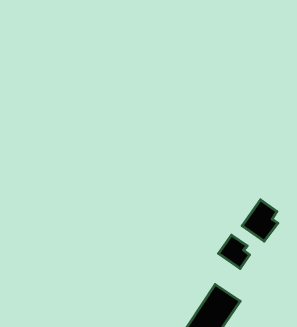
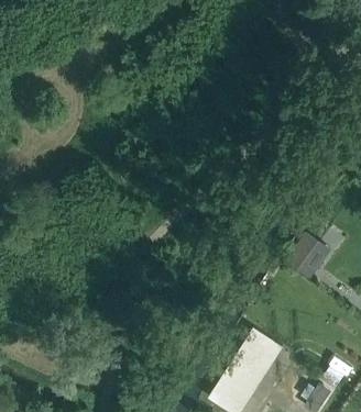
building: [219,235,250,268] -> none

